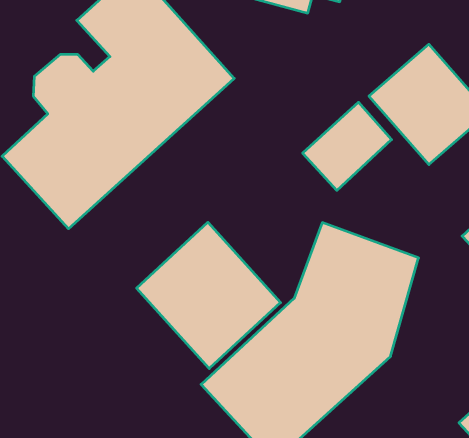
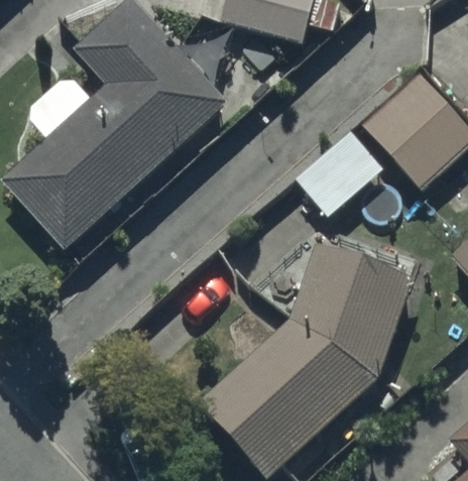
building: [137,222,281,369] -> none

